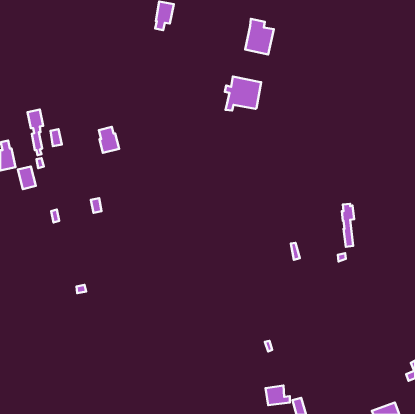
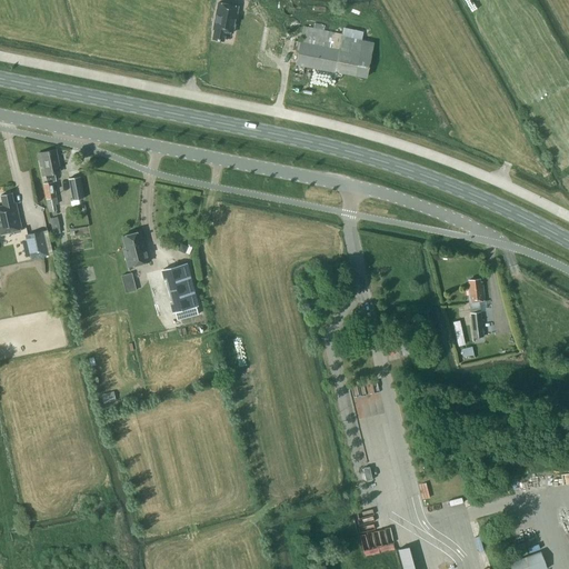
building: [225,76,261,111] -> [292,29,342,76]
building: [99,127,119,153] -> [122,232,150,268]
building: none -> [163,264,197,313]

